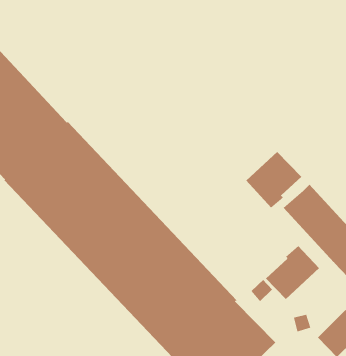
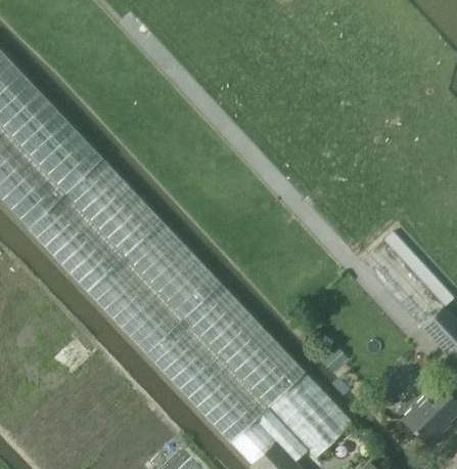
building: [245,151,302,208] -> none
building: [265,245,320,300] -> none

